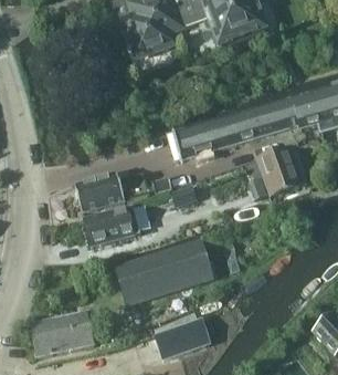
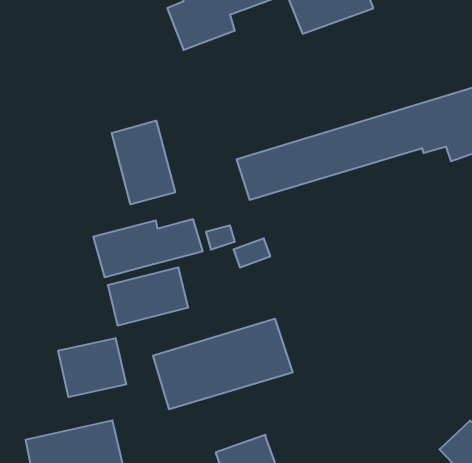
building: none -> [112,121,175,204]
building: [260,145,298,192] -> none
building: none -> [58,338,126,397]

